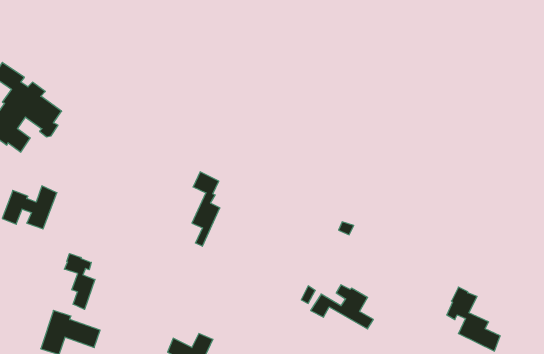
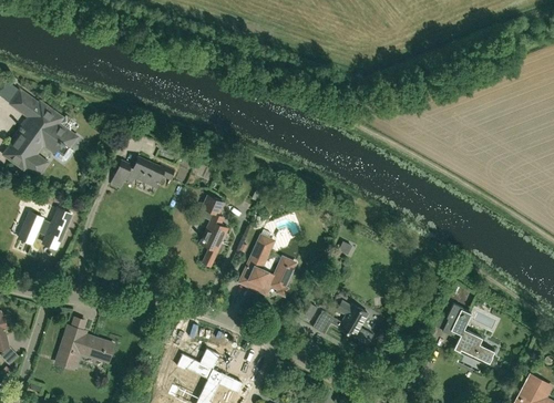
building: none -> [110,155,173,189]
building: none -> [239,230,293,297]
building: [64,254,95,309] -> none

